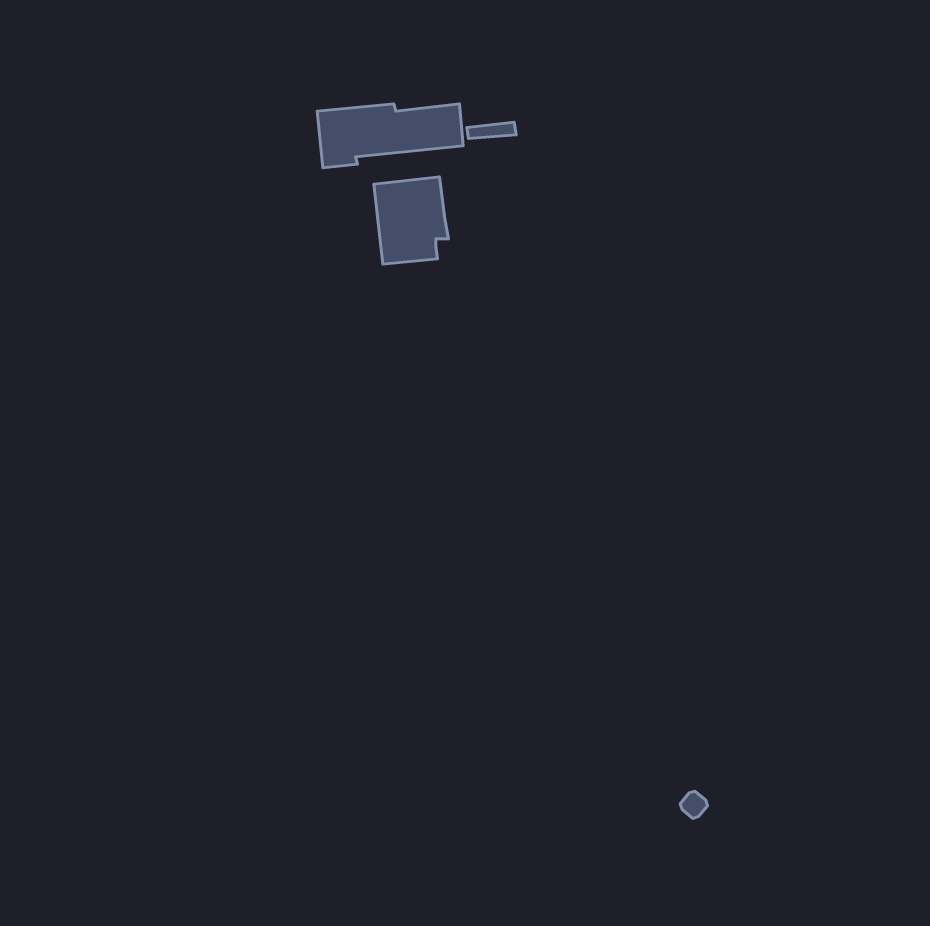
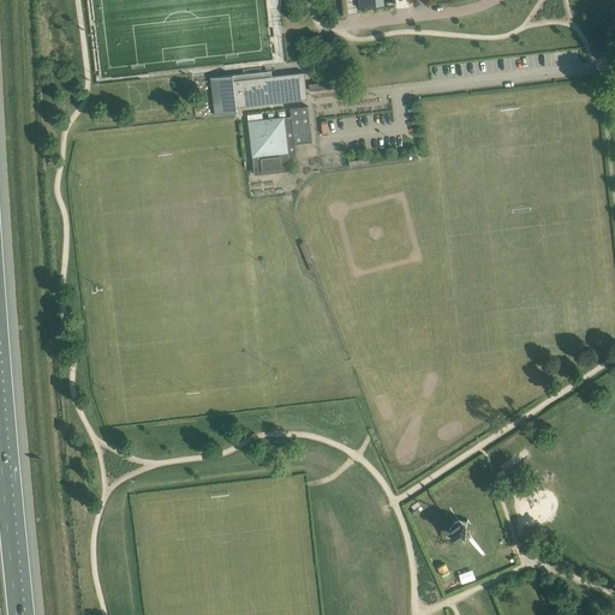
building: none -> [288,109,311,148]

